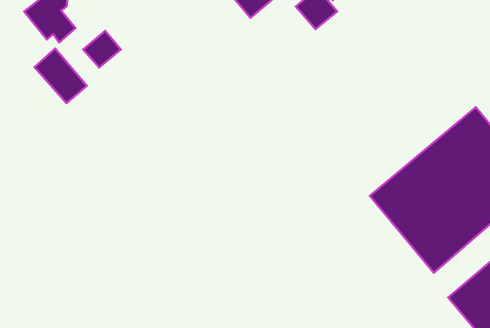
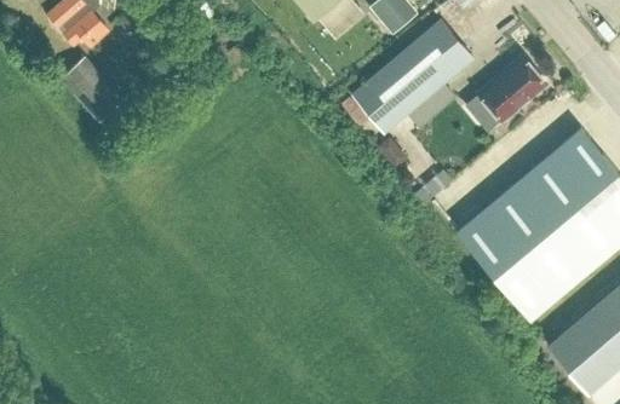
building: none -> [352,22,472,133]
building: [83,31,121,67] -> none
building: none -> [480,58,546,122]

